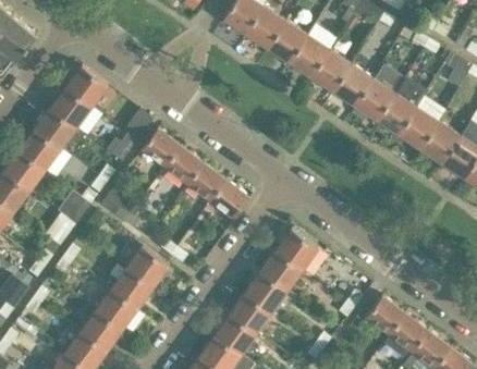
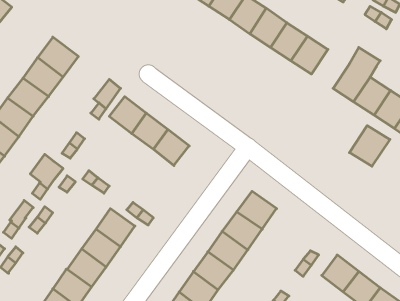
building: [354,78,394,120] -> none
building: none -> [349,126,390,166]
building: [208,181,247,219] -> none

